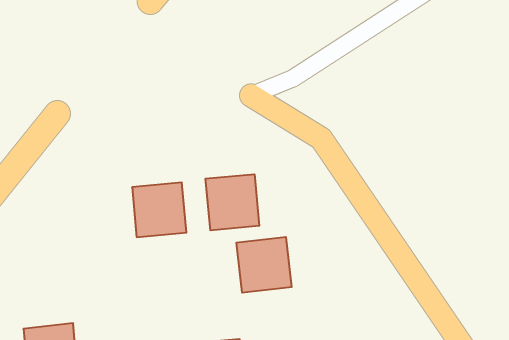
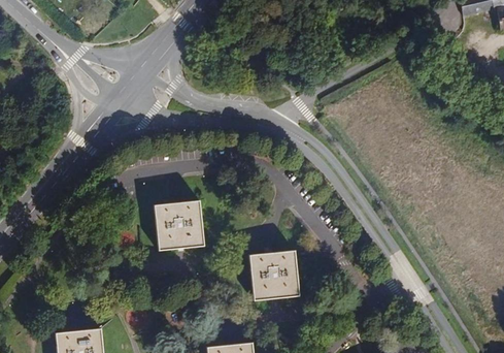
building: [206,174,259,230] -> none

